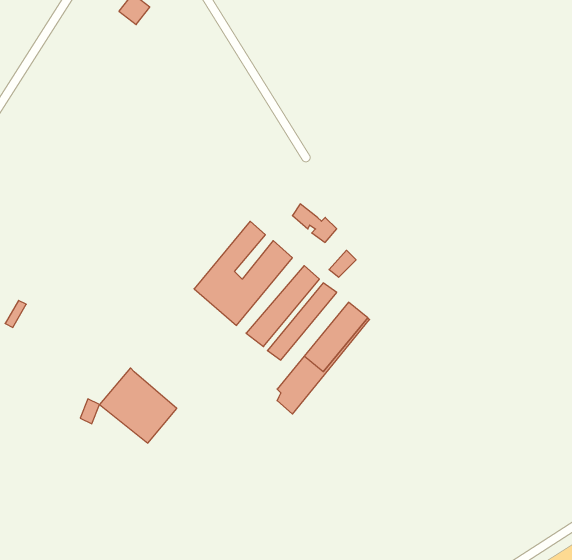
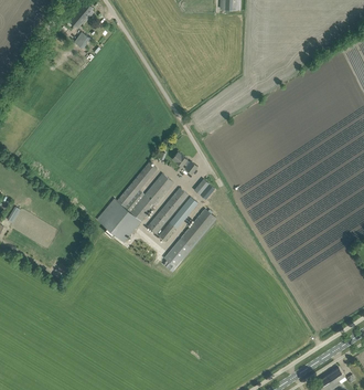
building: [100,368,177,443] -> [97,198,141,241]

